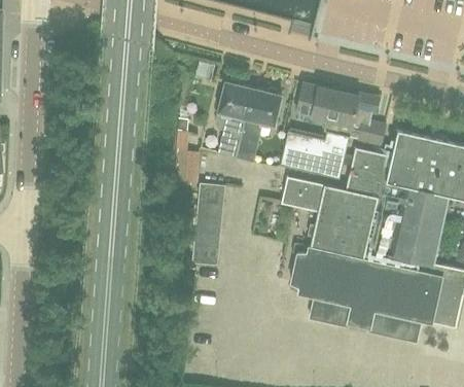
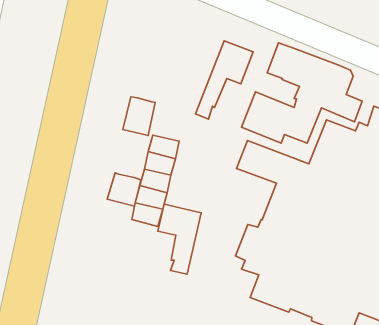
building: [215,81,253,159] -> none
building: none -> [107,173,141,206]
building: none -> [158,204,201,274]

